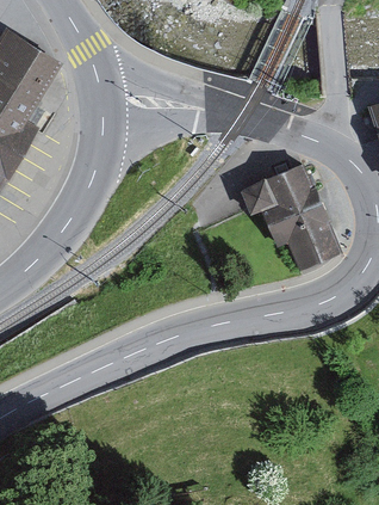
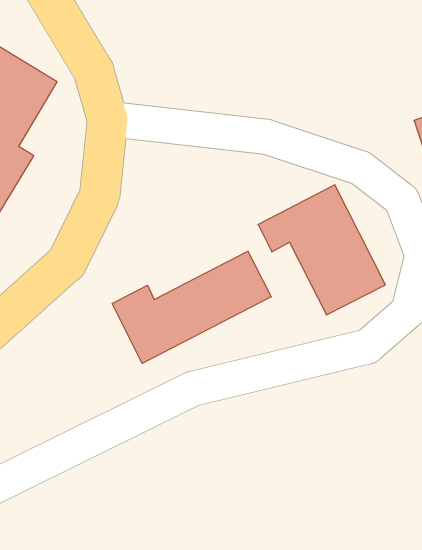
building: none -> [112,251,271,363]

